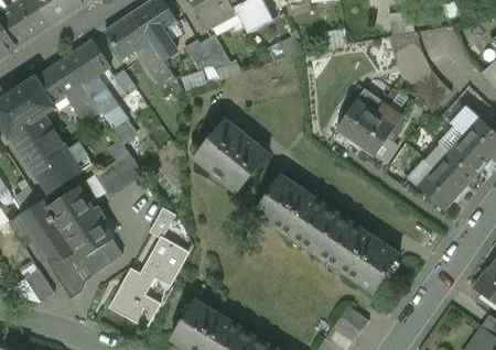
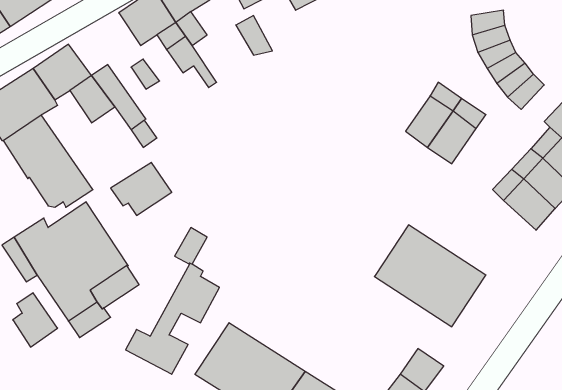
building: [63,42,108,85] -> none
building: [191,109,265,183] -> none
building: [249,165,338,248] -> none

